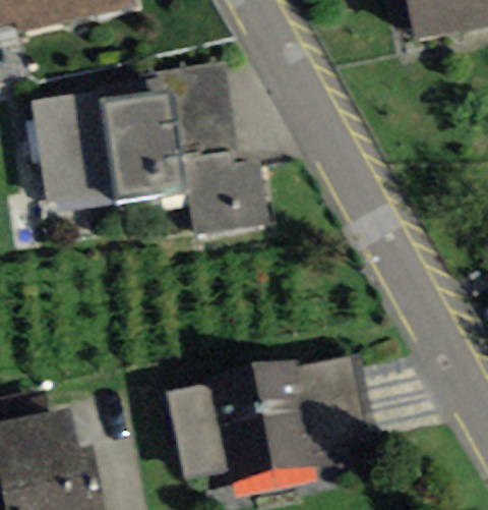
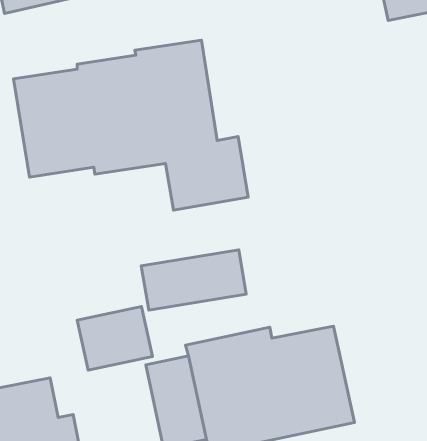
building: none -> [141,250,246,310]
building: none -> [77,307,152,370]

